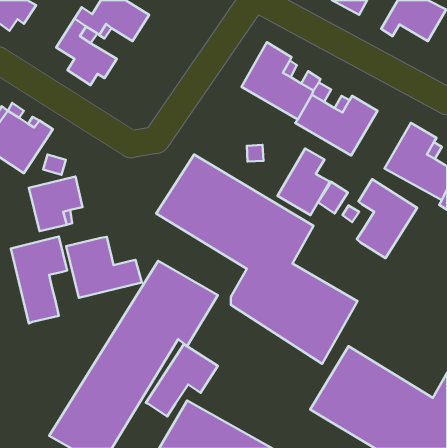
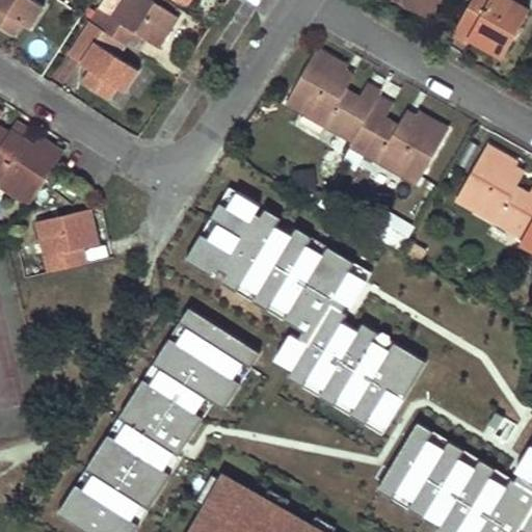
building: [277,149,330,215] -> none
building: [357,179,417,258] -> none
building: [11,236,67,323] -> none
building: [66,237,142,298] -> none
building: [146,344,218,416] -> none

